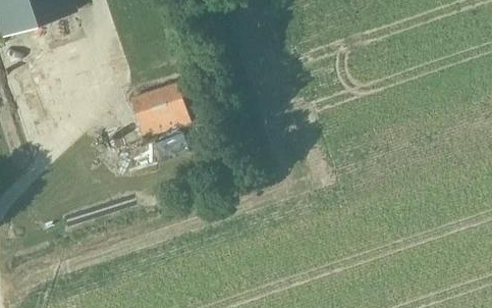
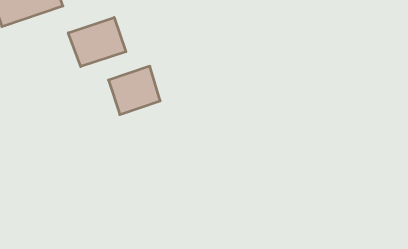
building: none -> [68,17,126,67]

